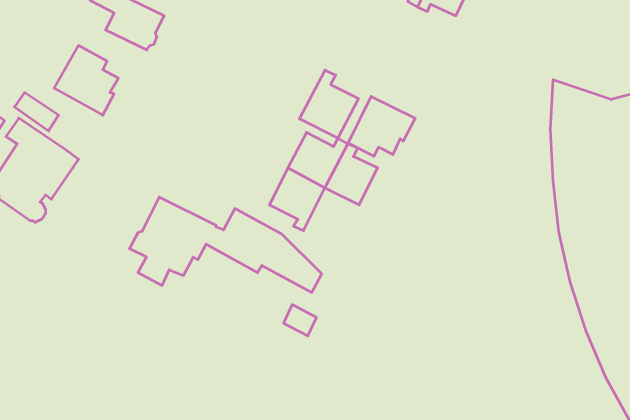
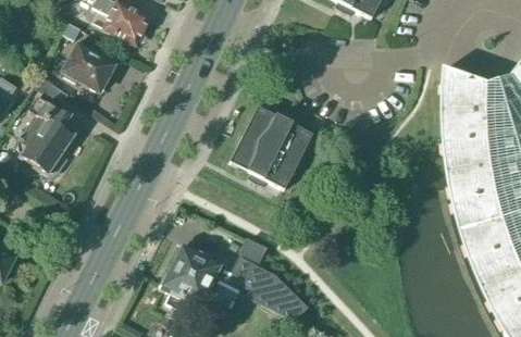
building: [299,70,358,138] -> none
building: [348,96,415,156] -> none
building: none -> [255,149,297,189]
building: [129,197,322,292] -> [158,246,305,319]

